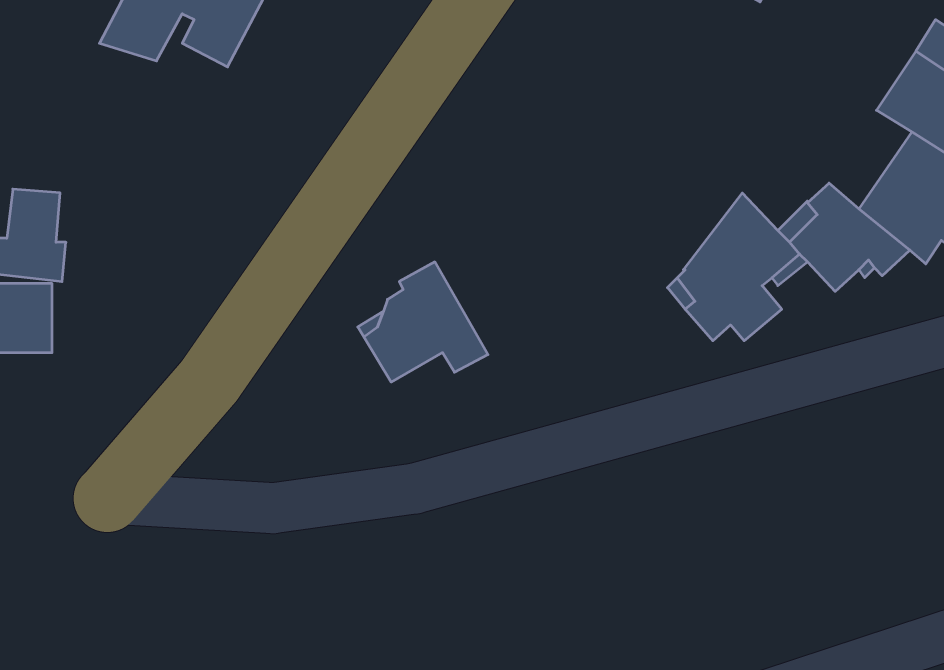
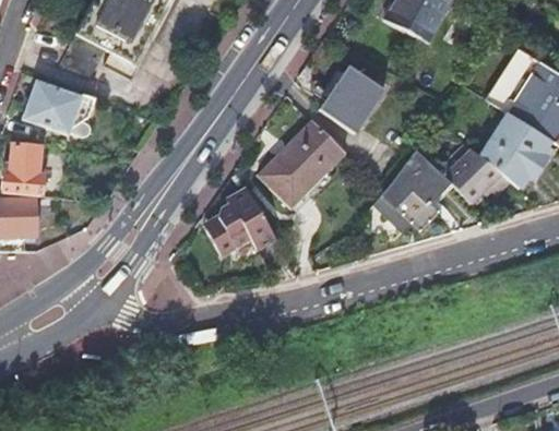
building: none -> [320,64,385,131]
building: none -> [24,81,82,134]
building: none -> [258,118,346,207]

